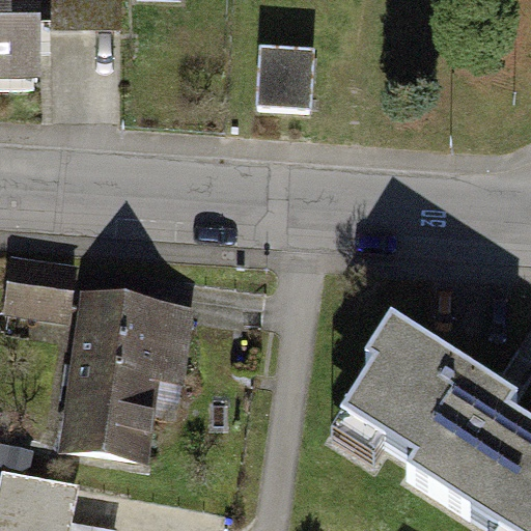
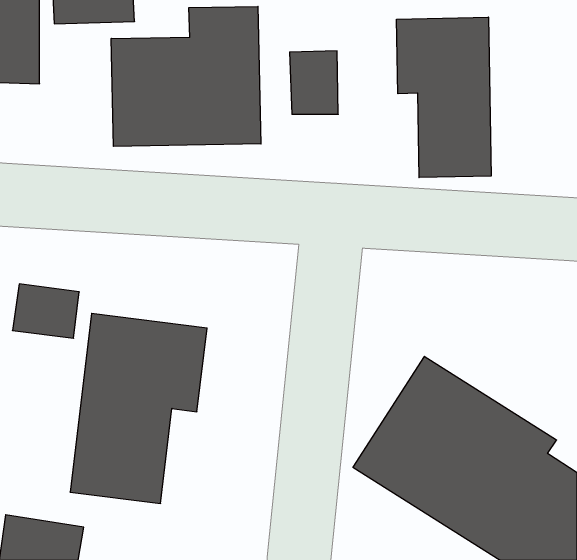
building: none -> [111,6,261,146]
building: none -> [397,17,491,178]

